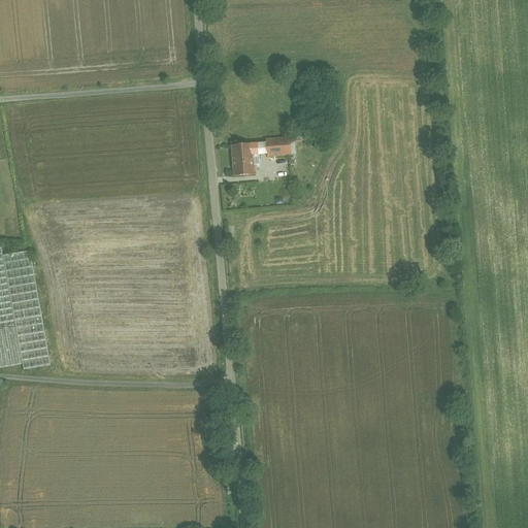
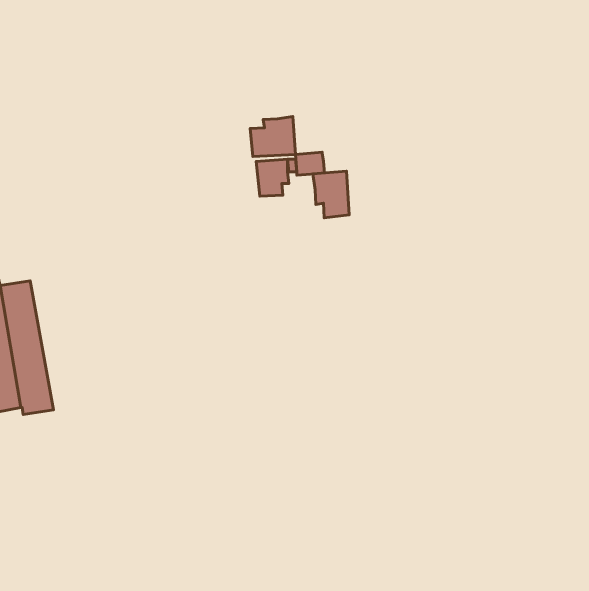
building: none -> [250,116,296,156]
building: none -> [313,171,349,218]

